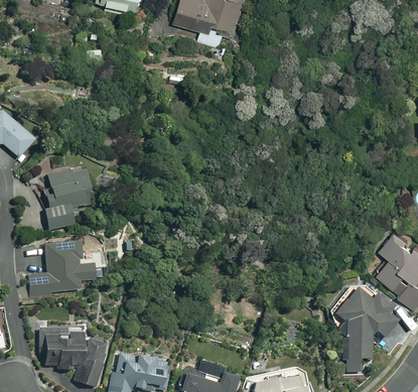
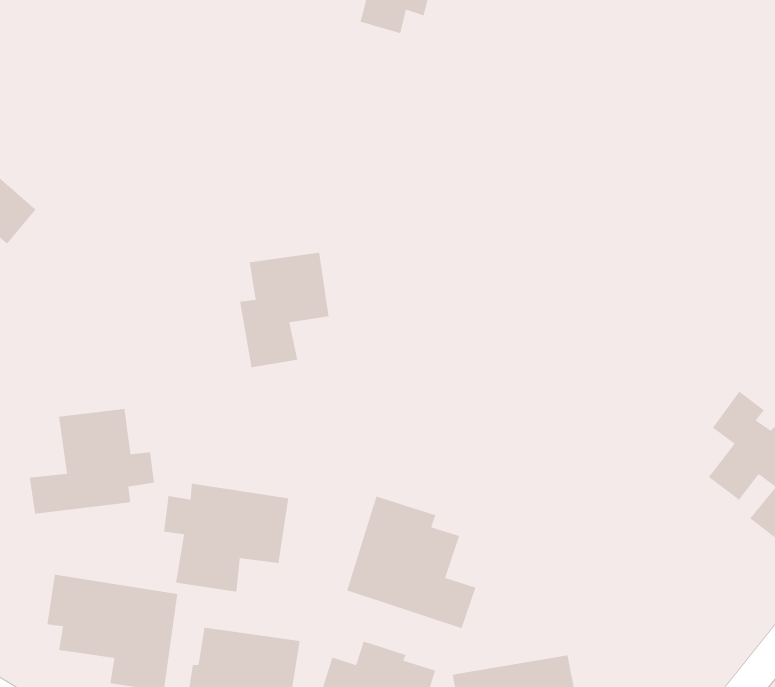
building: [42,170,89,230] -> [239,252,330,368]
building: none -> [163,483,289,593]
building: none -> [346,496,476,629]
building: [335,288,398,373] -> none

